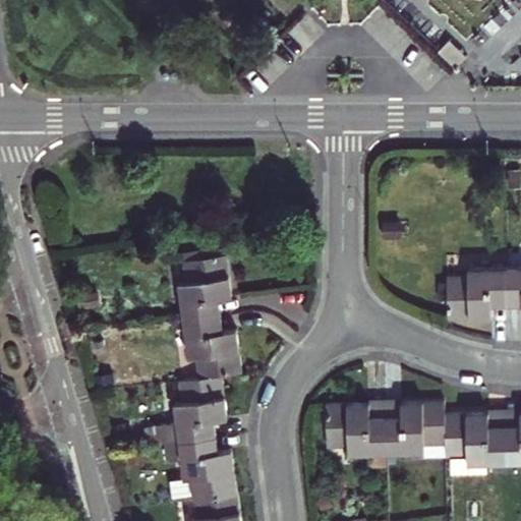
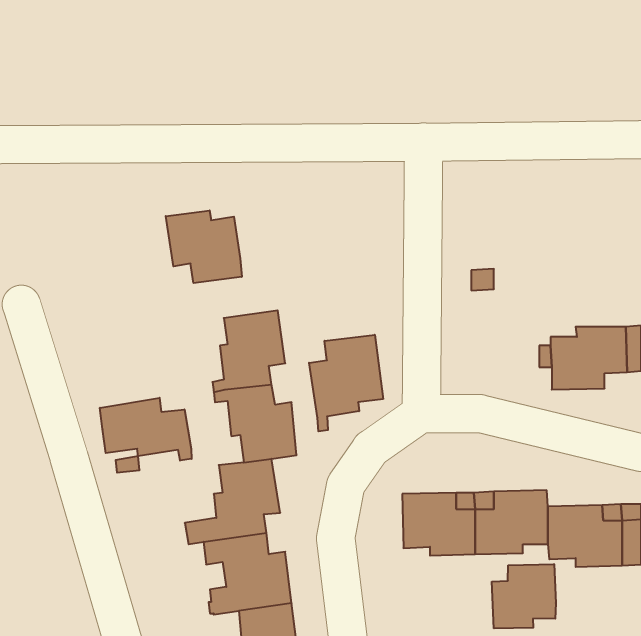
building: none -> [166,210,242,283]
building: none -> [309,335,383,431]
building: none -> [100,398,192,461]
building: none -> [492,564,556,628]

